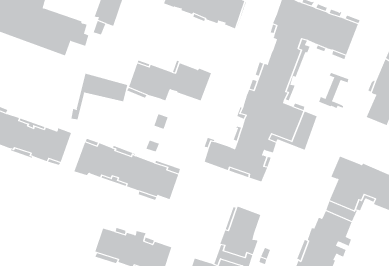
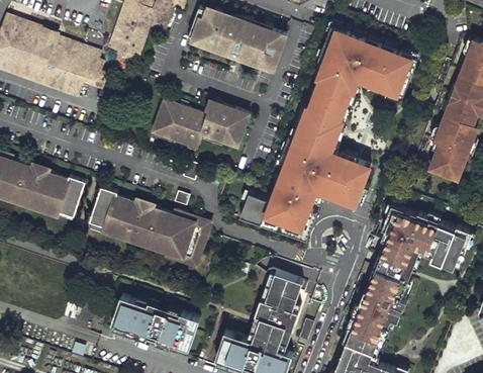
building: [319,72,349,109] -> none
building: [71,73,128,120] -> none

